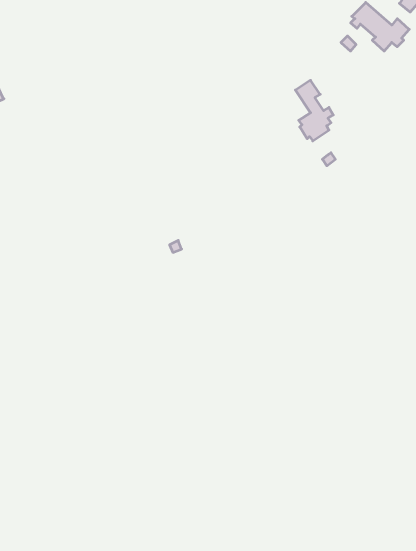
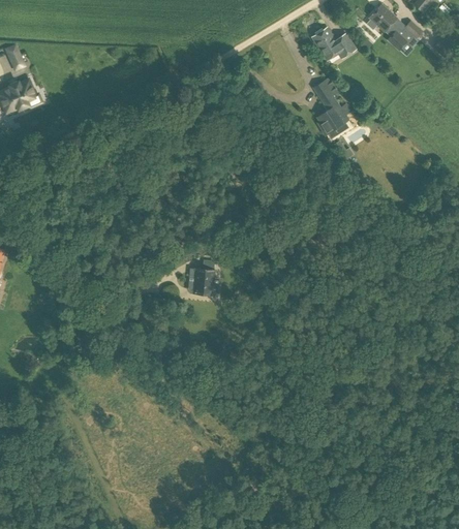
building: none -> [312,28,356,60]
building: none -> [192,261,218,294]

